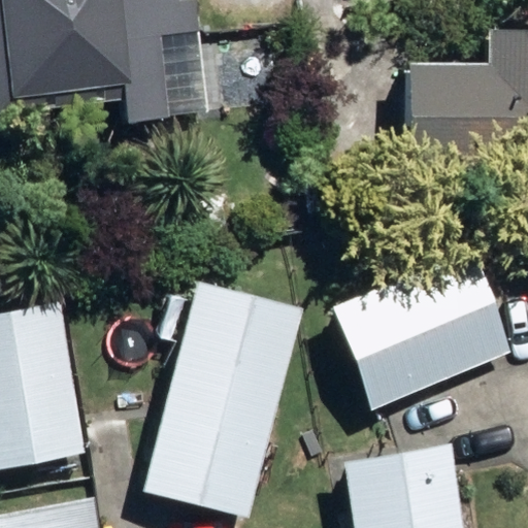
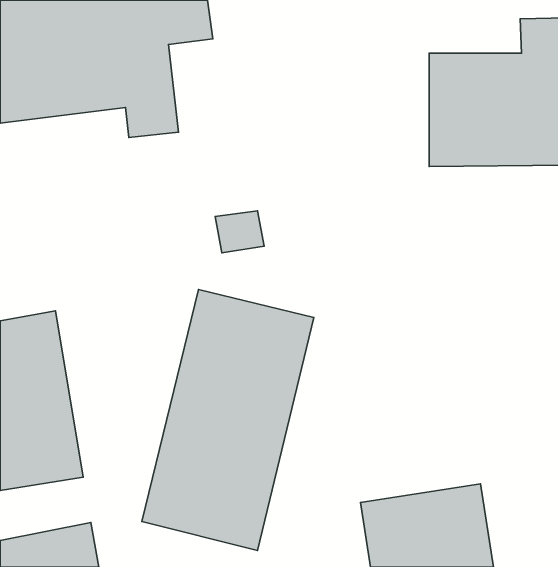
building: [332,253,516,416] -> none

